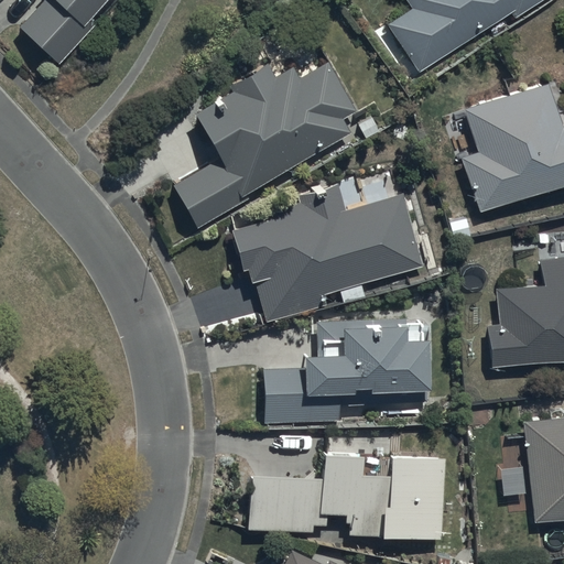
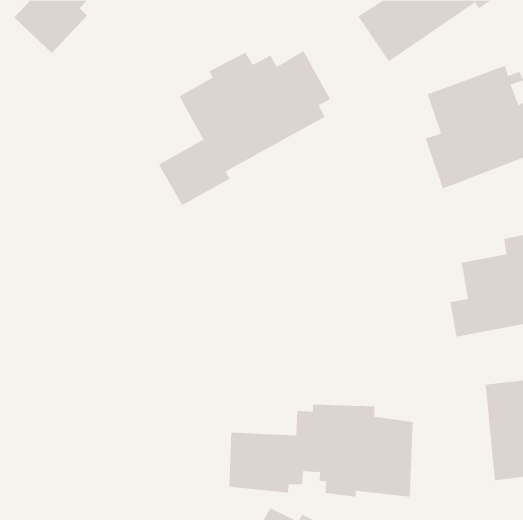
building: [229,183,424,326] -> none
building: [262,318,432,427] -> none

